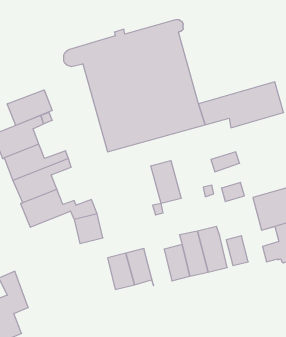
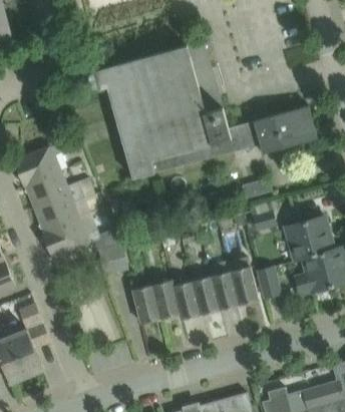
building: [7,90,52,125] -> none
building: [151,161,181,203] -> none
building: none -> [170,280,200,319]

